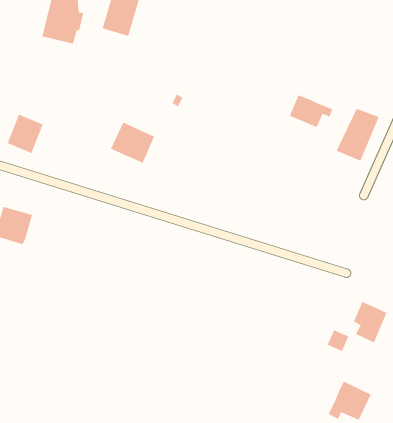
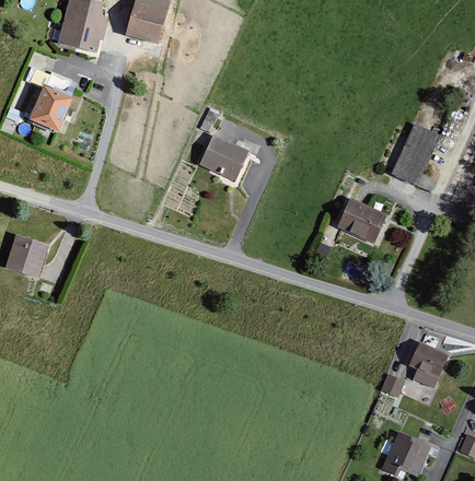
building: [289,94,333,128] -> none
building: [7,114,44,154] -> [30,85,71,130]
building: [110,122,155,164] -> [198,133,248,180]
building: none -> [337,199,386,242]

